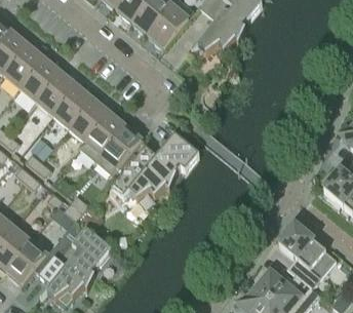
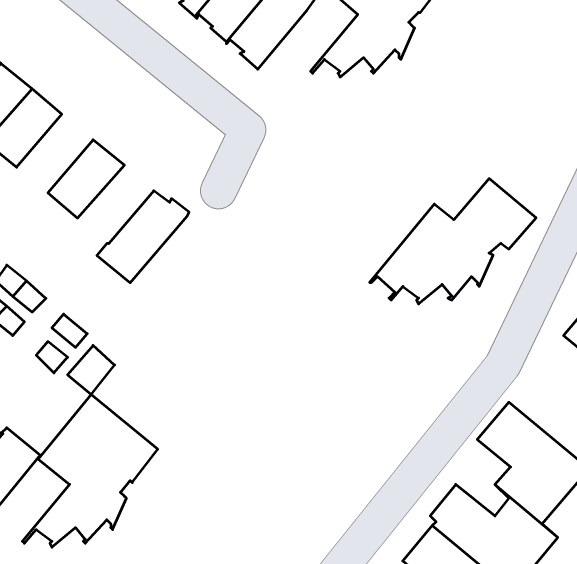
building: [36,74,76,115] -> none
building: [68,101,108,142] -> none
building: [95,127,143,175] -> none
building: [111,134,198,200] -> [370,179,536,304]

